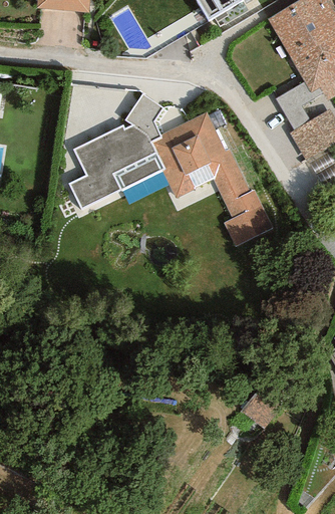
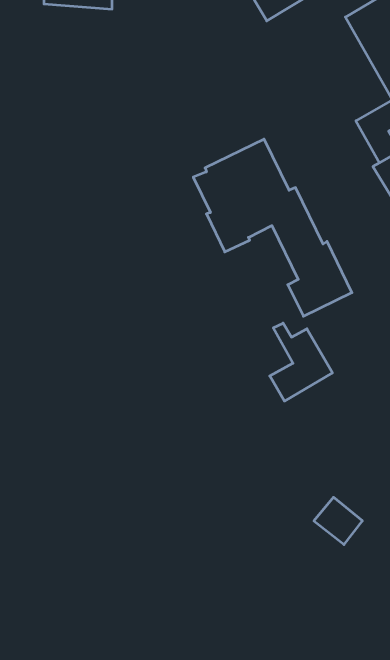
building: [68,93,164,209] -> none
building: none -> [270,323,332,401]

